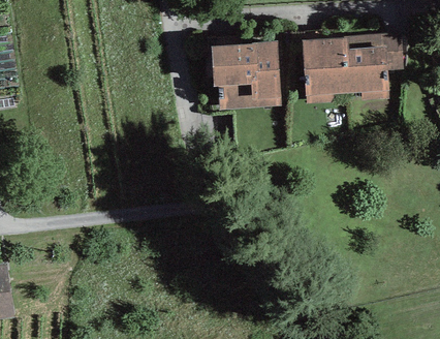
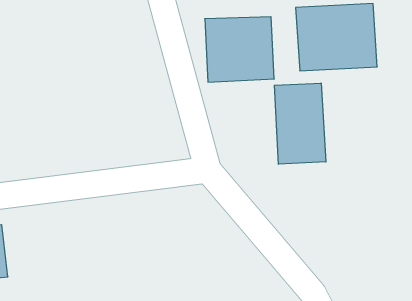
building: none -> [274,83,326,164]

